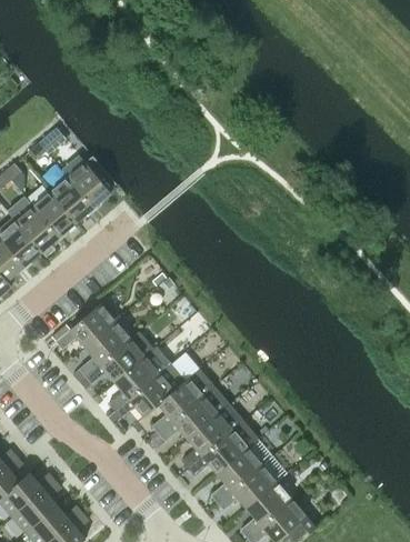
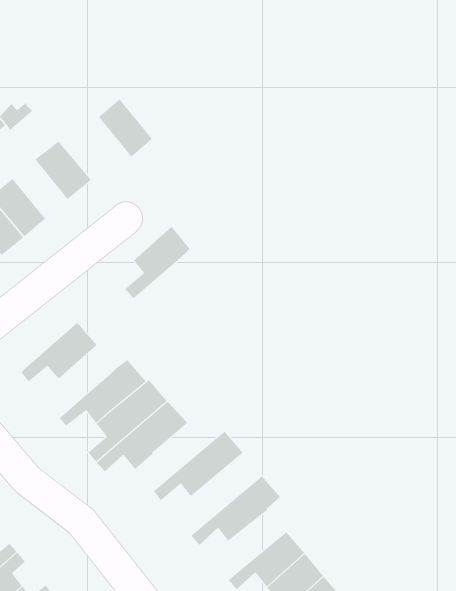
building: [50,177,92,222] -> [98,99,153,158]
building: [79,320,130,377] -> [124,226,190,299]
building: [152,369,214,433] -> none
building: [181,403,243,468] -> none
building: [211,438,272,502] -> none

